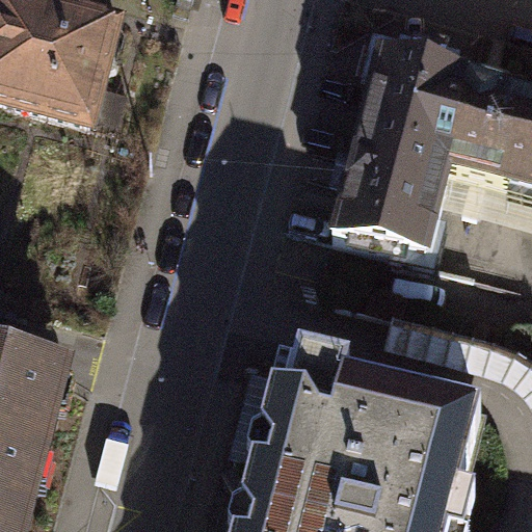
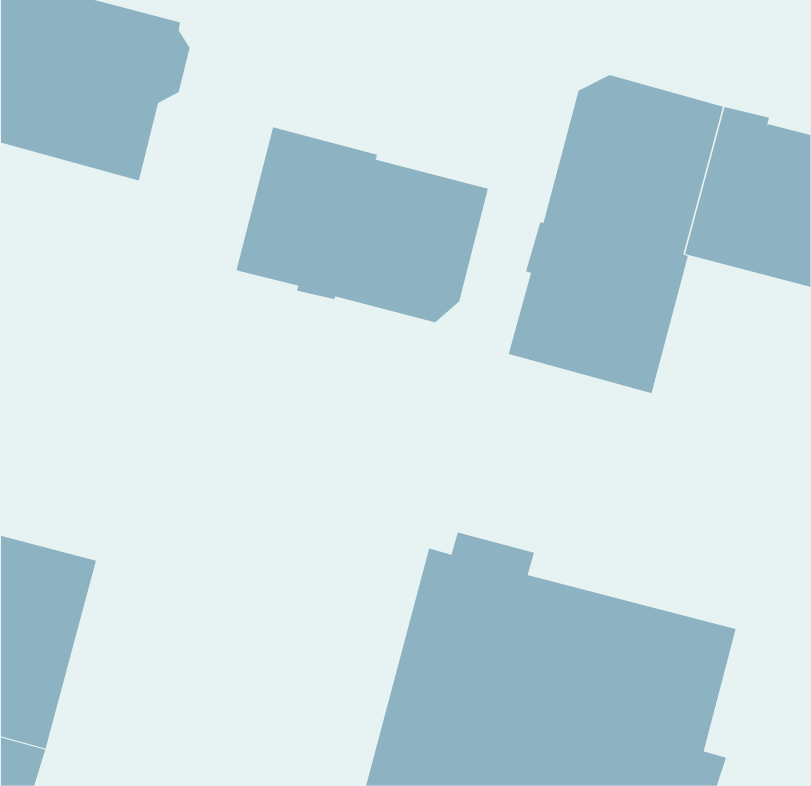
building: none -> [236,127,488,323]

